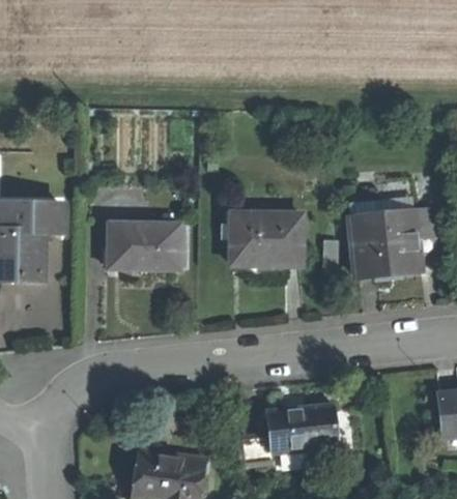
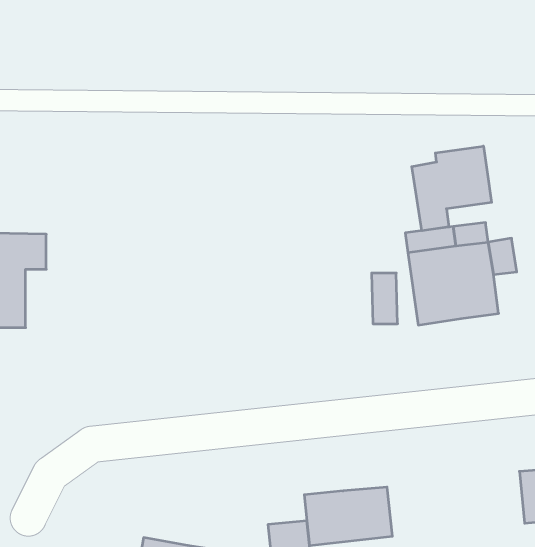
building: none -> [412,146,492,231]
building: [232,212,304,263] -> none
building: [109,223,180,268] -> none

